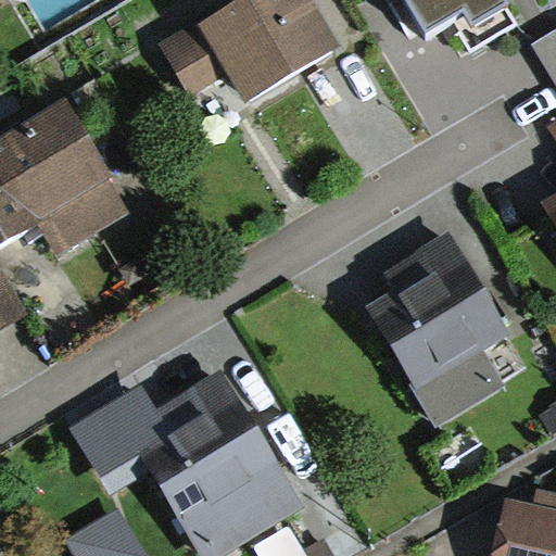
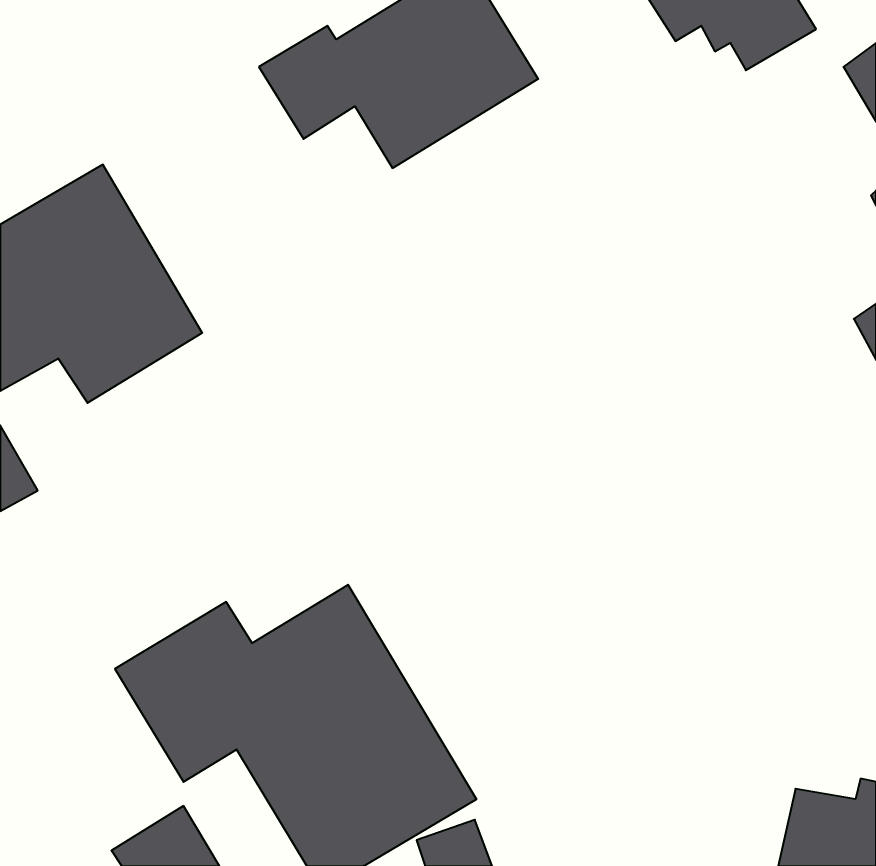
building: [369,232,507,424] -> none

